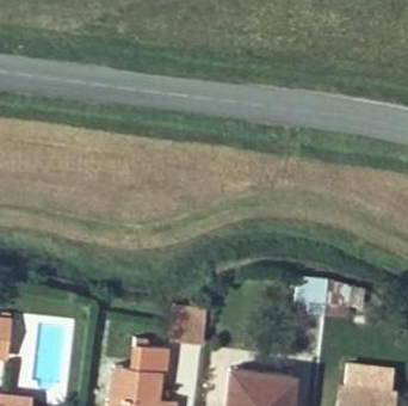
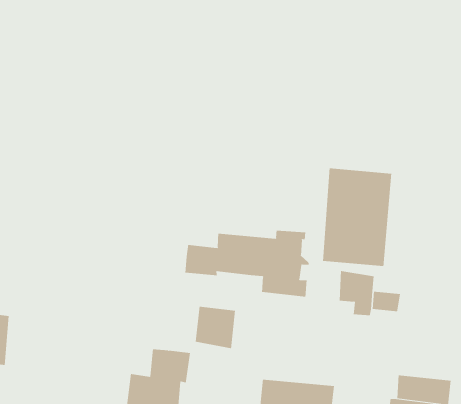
building: none -> [323,168,392,267]
building: none -> [185,230,309,298]

